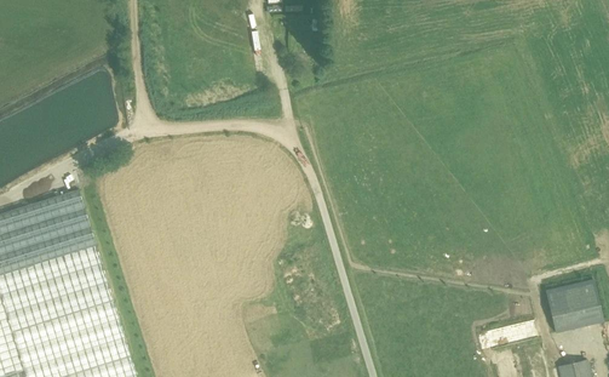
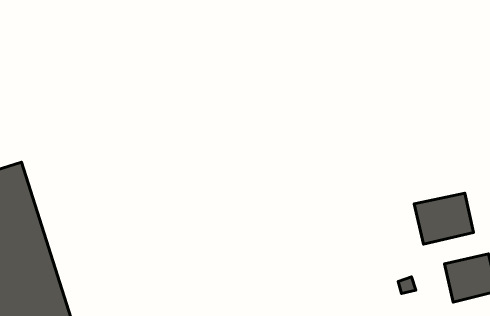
building: none -> [414,193,474,244]

